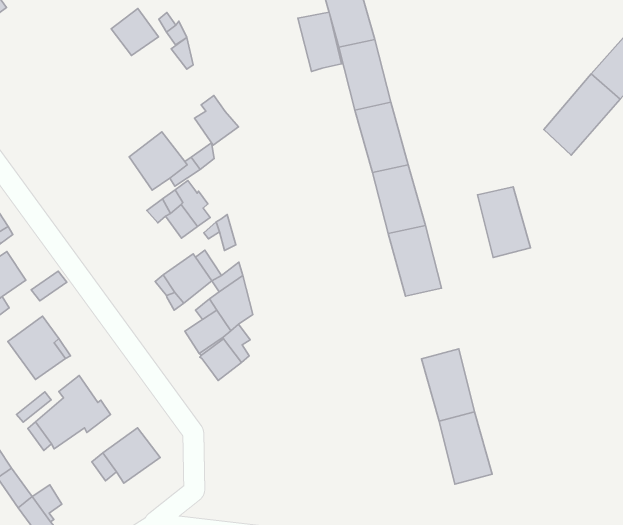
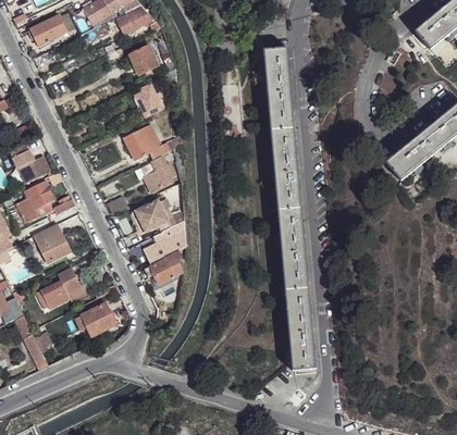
building: [298,12,341,72] -> none
building: [195,96,238,145] -> [137,86,163,116]
building: [477,187,531,257] -> [283,249,310,290]

